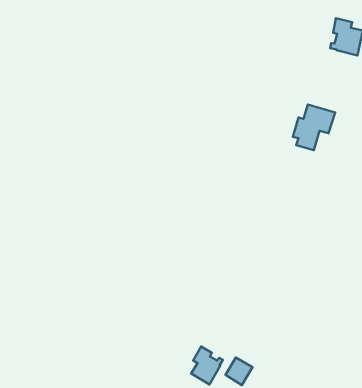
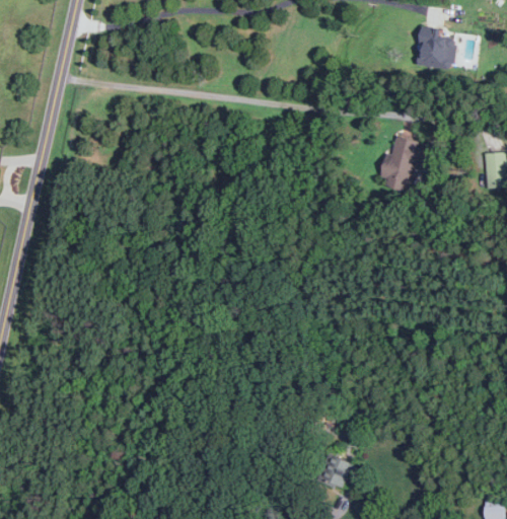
building: [191,346,223,384] -> none

